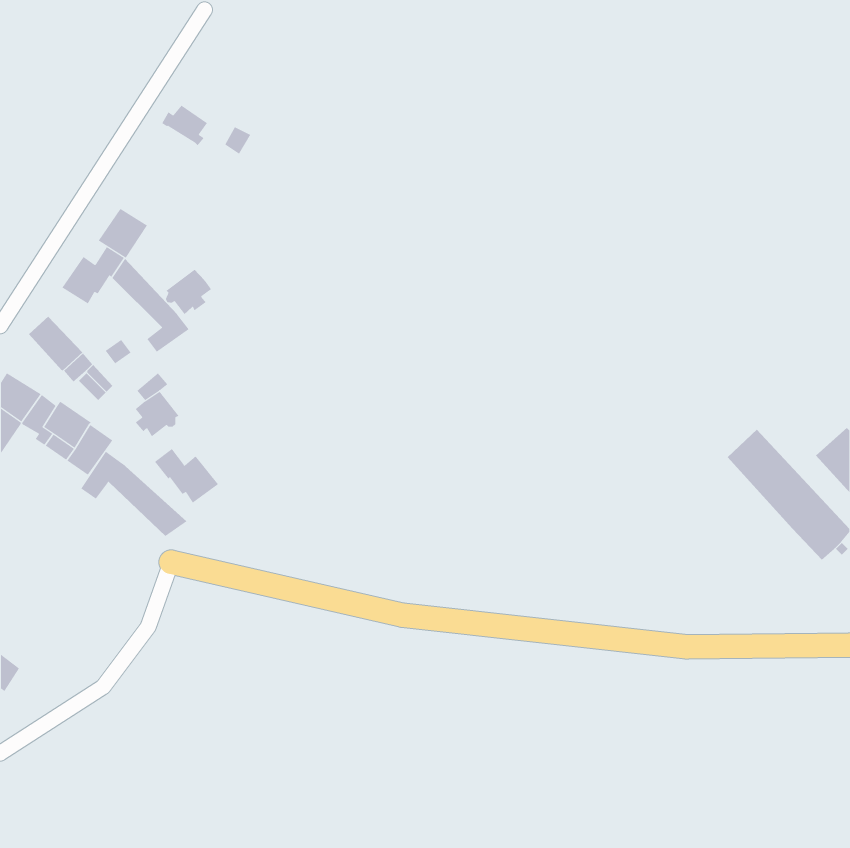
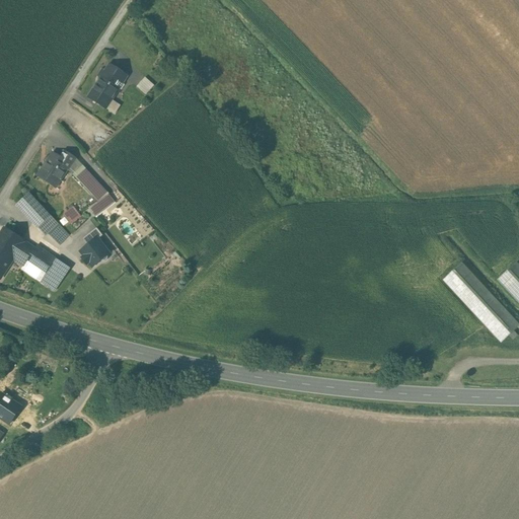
building: [98,209,148,259] -> [88,77,119,107]
building: [165,269,212,315] -> none
building: [154,448,219,503] -> none
building: [81,451,188,537] -> none

